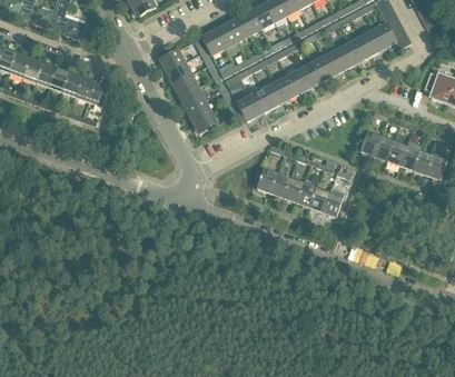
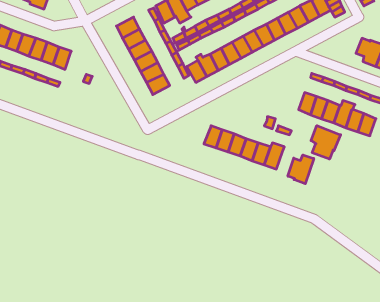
building: none -> [311,126,341,159]
building: none -> [288,155,314,184]

